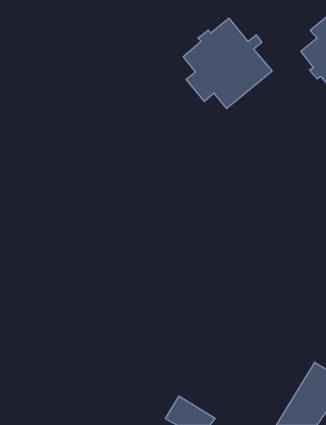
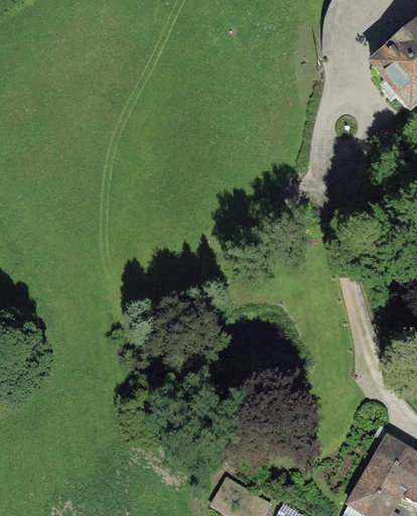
building: [183,18,272,109] -> none

